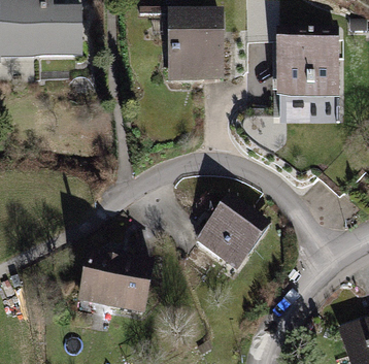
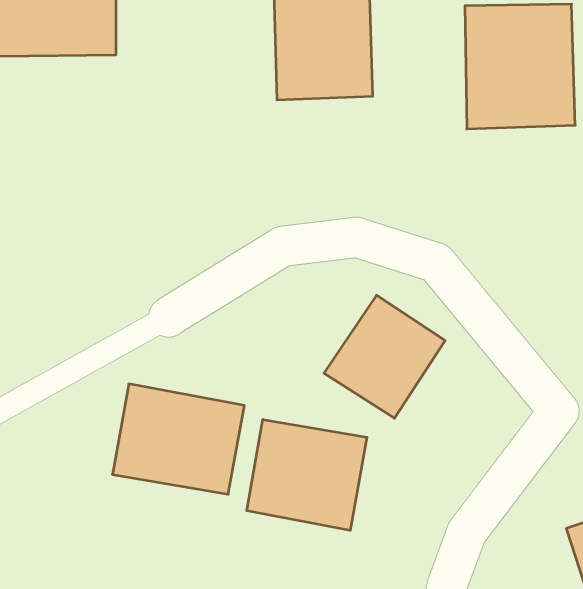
building: none -> [247,419,367,530]

